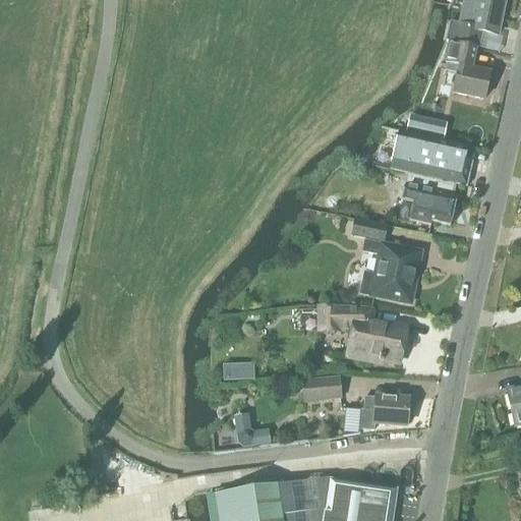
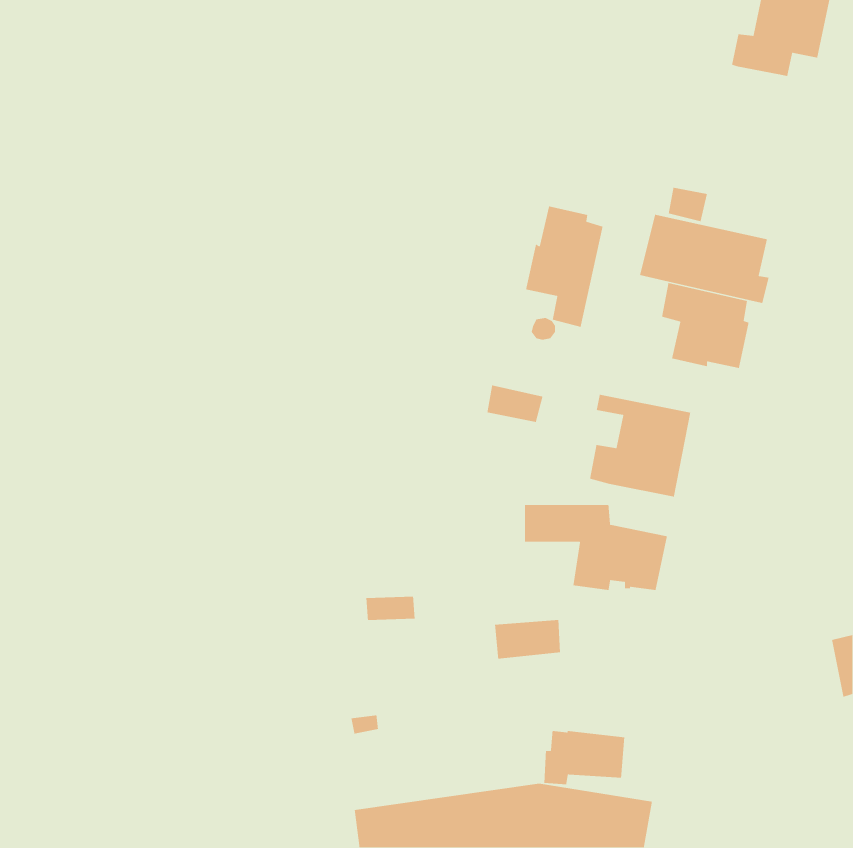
building: [446,41,491,99] -> none
building: none -> [525,205,604,328]
building: [352,219,387,242] -> [487,384,543,423]
building: [359,396,409,429] -> [543,730,625,785]
building: [236,414,270,445] -> none

